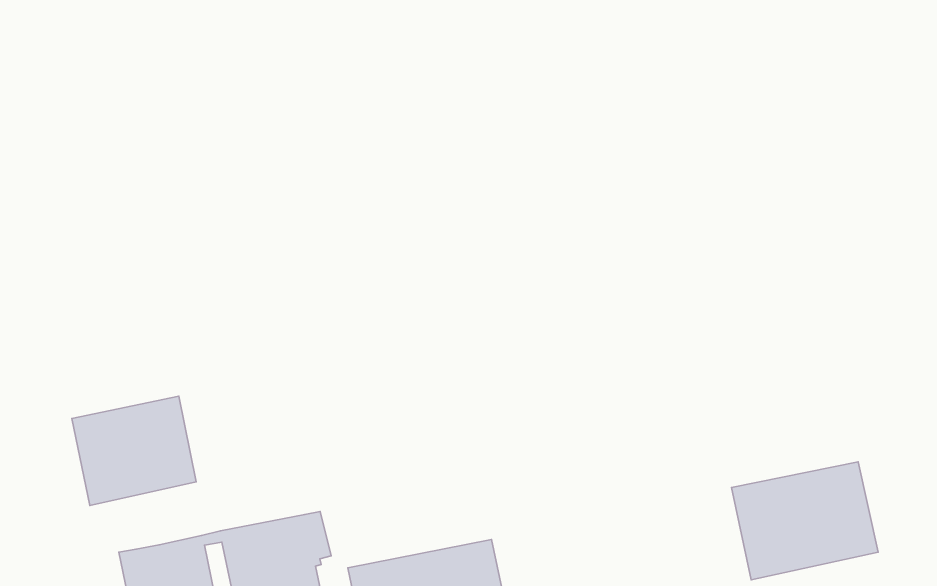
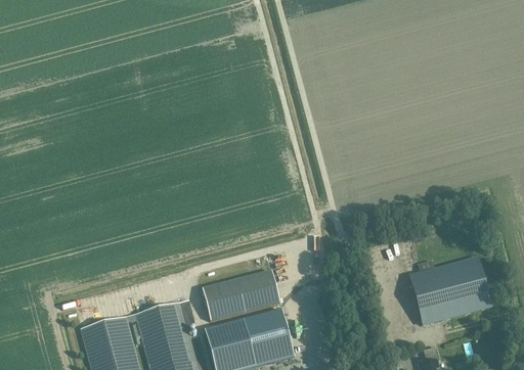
building: [72,396,196,506] -> none
building: none -> [201,269,278,319]

